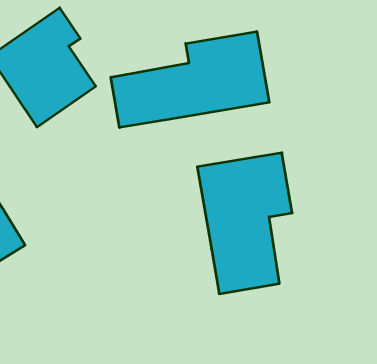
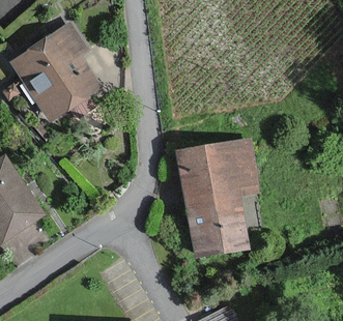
building: [111,31,269,128] -> none

